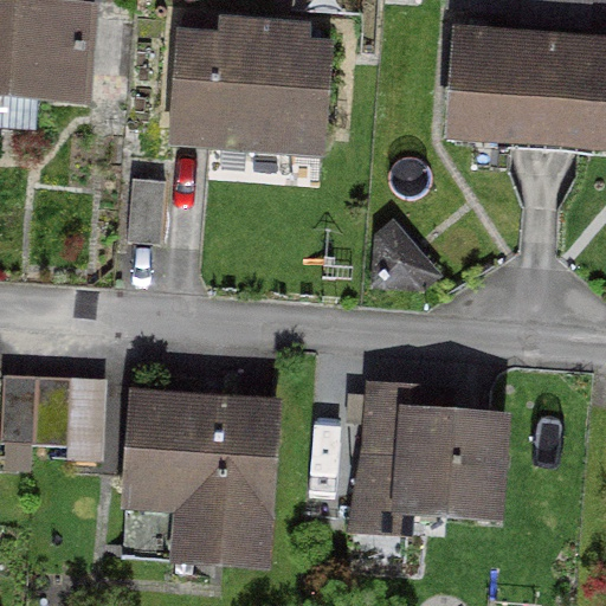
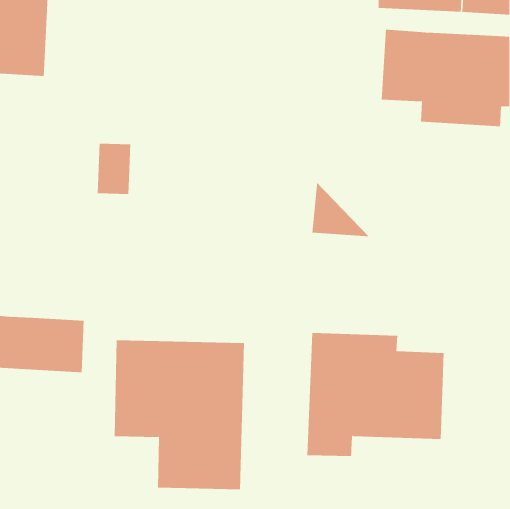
building: [160,12,327,140] -> none

